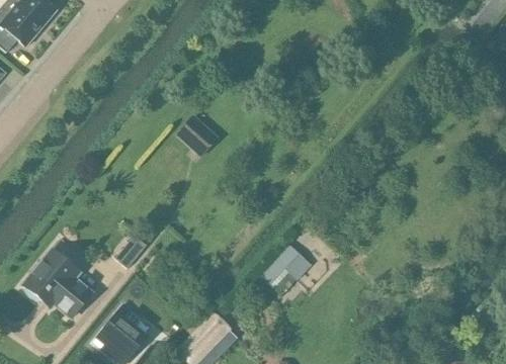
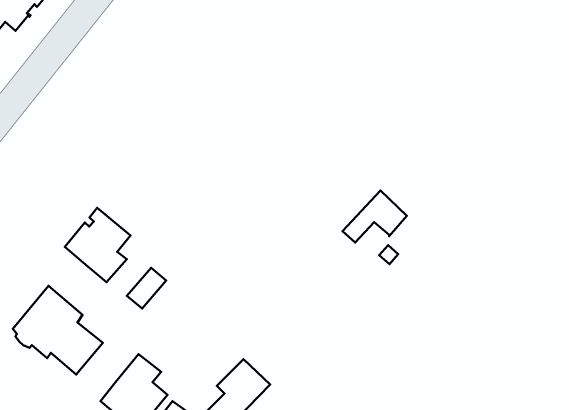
building: [178,115,219,156] -> none
building: none -> [65,208,130,282]
building: [260,243,312,284] -> [342,190,407,242]

